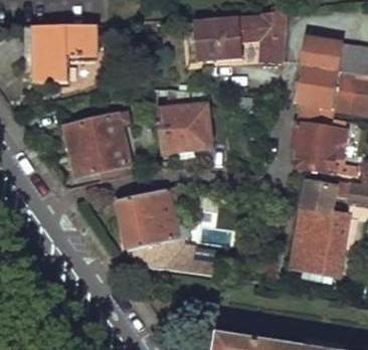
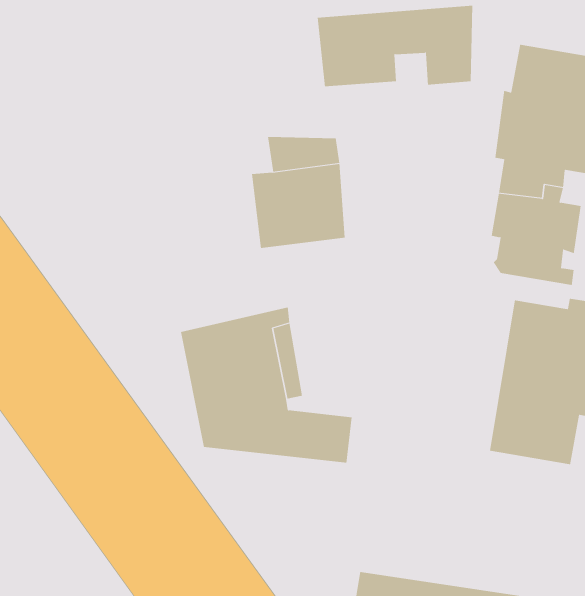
building: [30,24,96,84] -> none
building: [67,113,132,180] -> none

